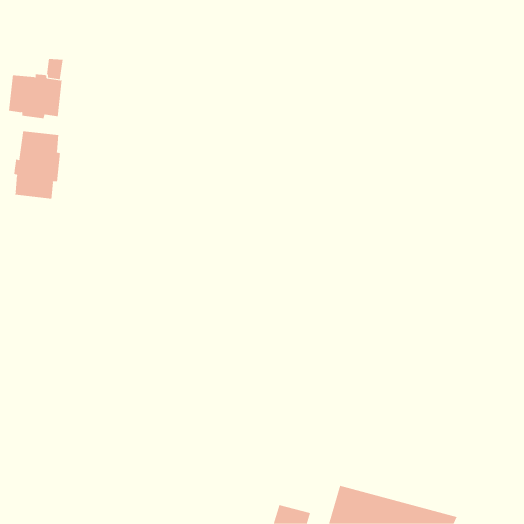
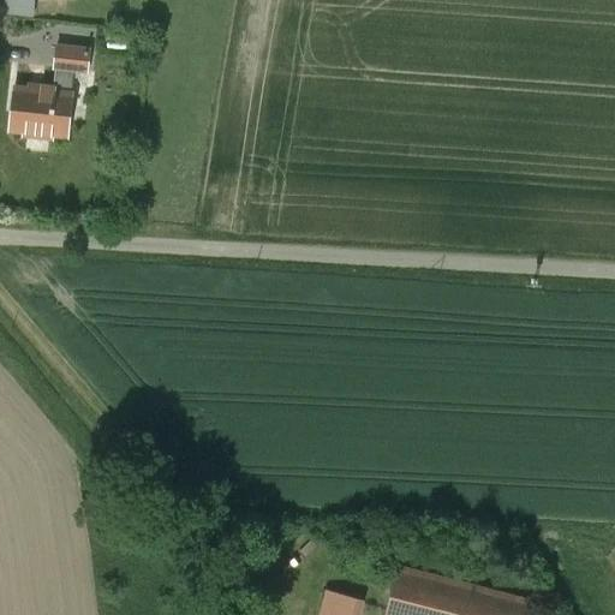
building: none -> [54,47,90,72]
building: [14,131,60,199] -> none

